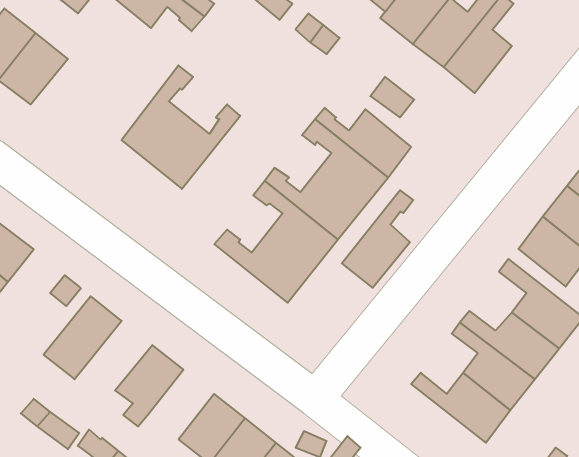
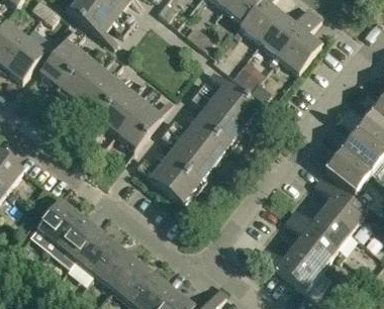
building: none -> [39,26,114,103]
building: [342,190,413,288] -> [116,88,161,148]
building: none -> [50,215,98,267]
building: none -> [95,245,136,289]

